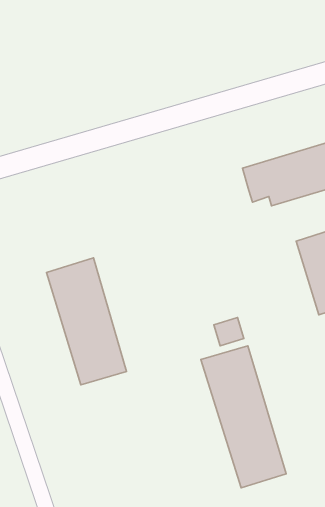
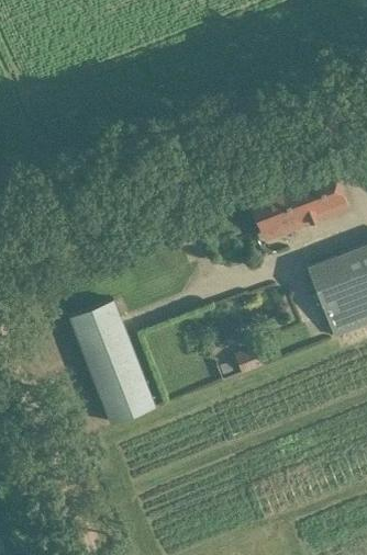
building: [201,346,286,488] -> none

